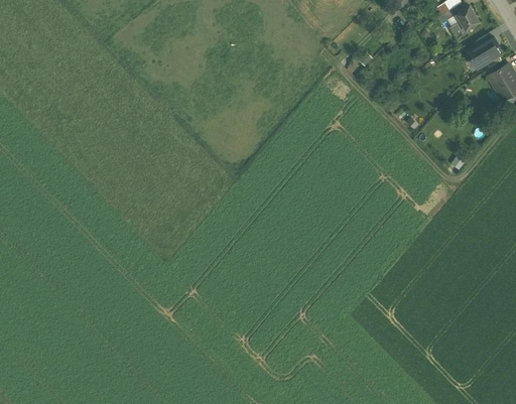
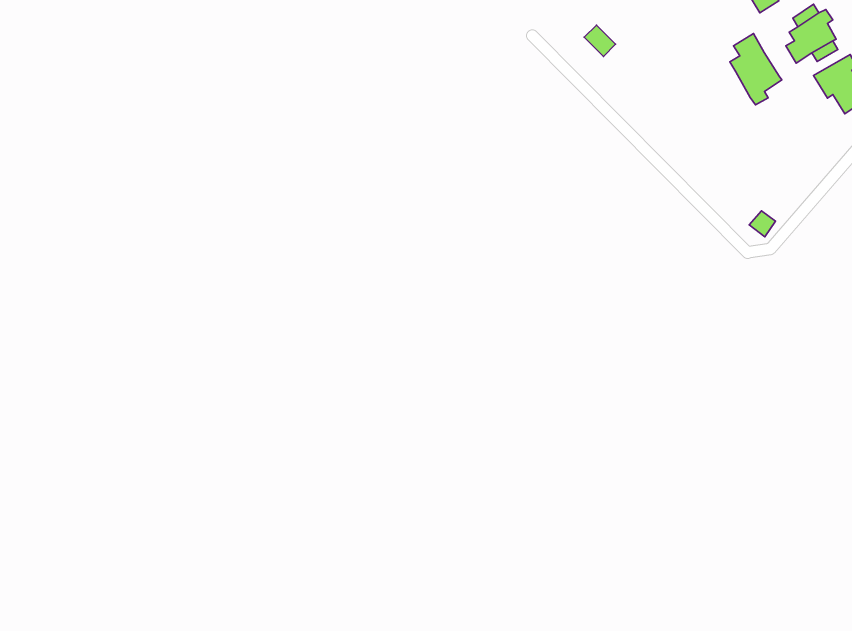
building: none -> [730,33,782,105]

